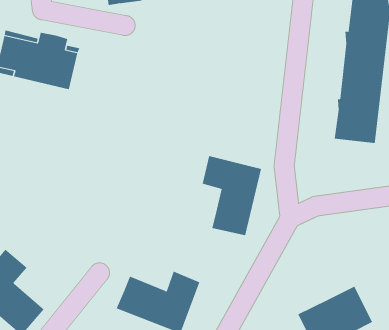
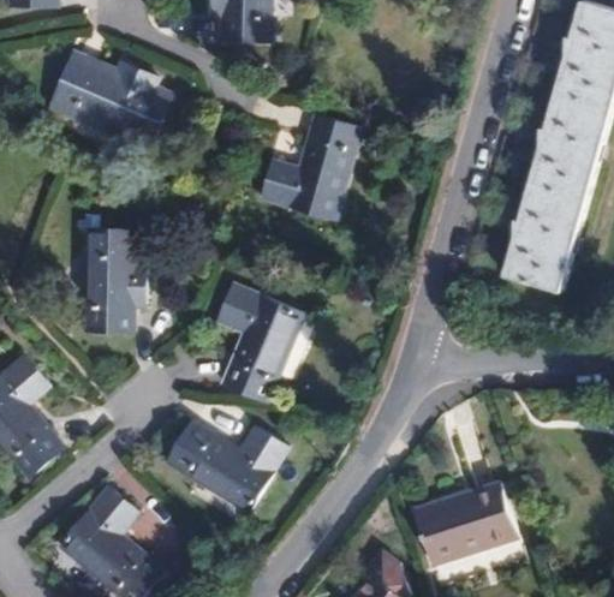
building: none -> [261,113,362,219]
building: none -> [85,227,147,332]
building: [202,156,262,236] -> [217,282,304,401]

